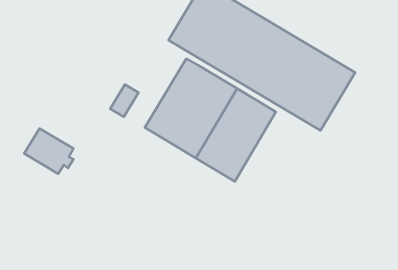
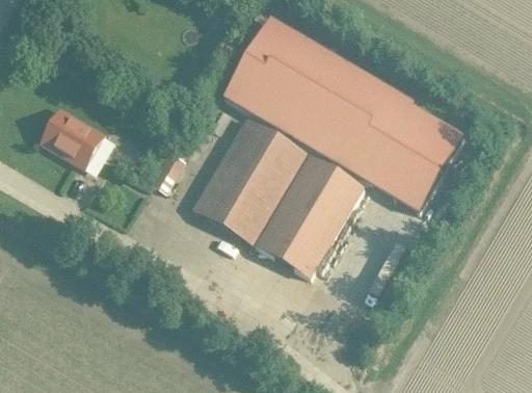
building: [24,128,74,174] -> [41,107,104,165]

